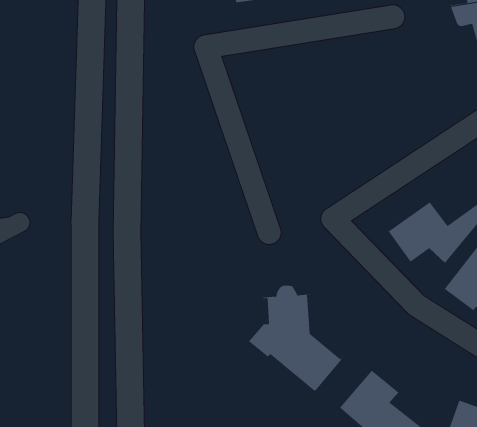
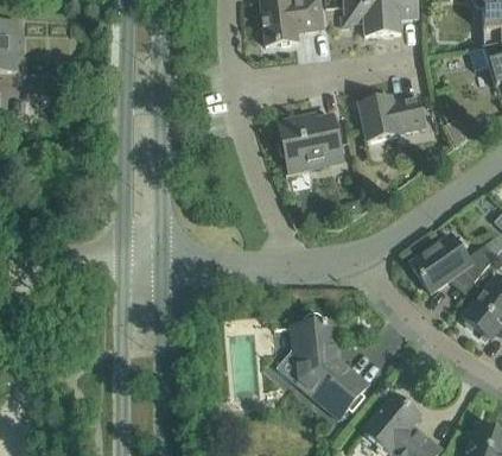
building: none -> [360,94,427,141]
building: none -> [279,115,343,171]

